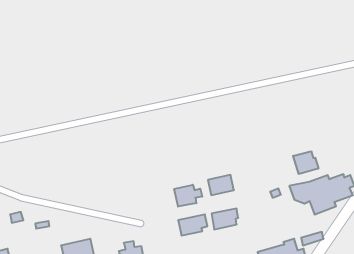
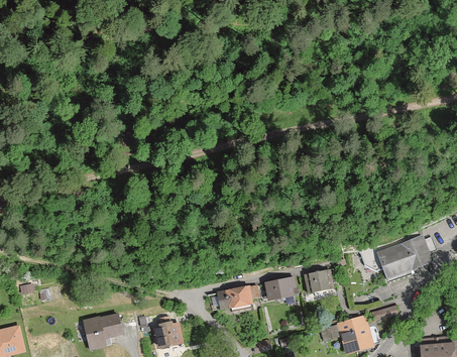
building: [293,151,318,174] -> none
building: [208,175,234,195] -> [303,269,334,293]
building: [174,185,202,207] -> none

